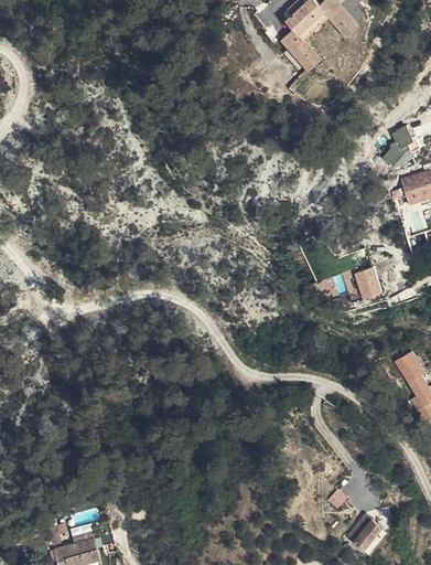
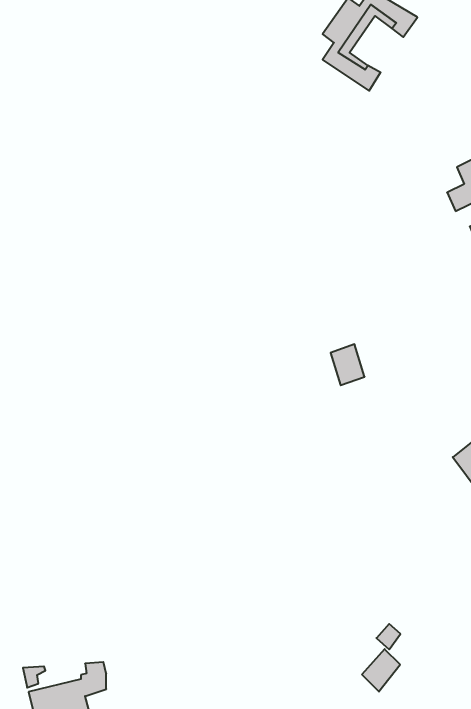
building: [355,268,381,300] -> [331,344,365,385]
building: [351,518,380,551] -> [362,649,400,692]

